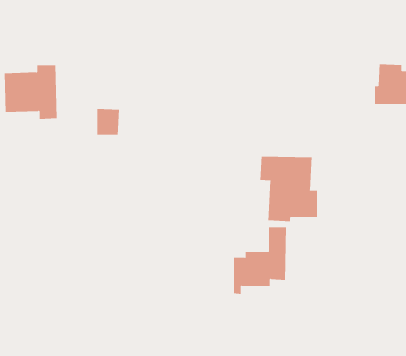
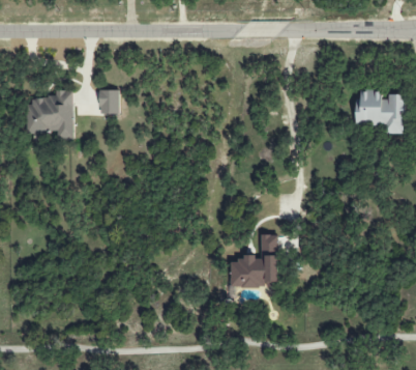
building: [96,108,120,135] -> [99,89,120,113]
building: [260,156,318,222] -> none

